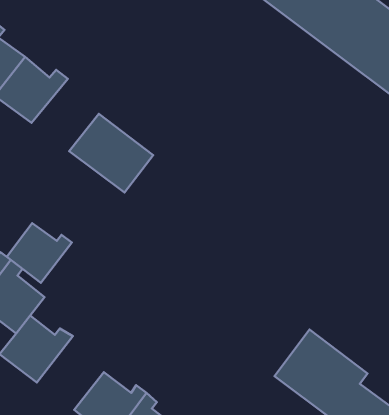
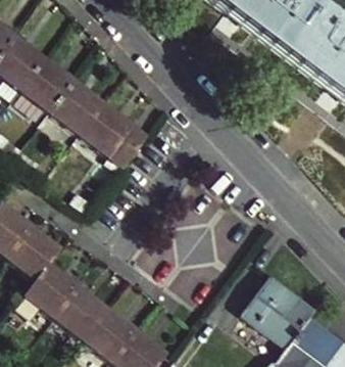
building: none -> [50,77,103,134]
building: [7,223,72,283] -> none
building: none -> [54,280,107,338]

